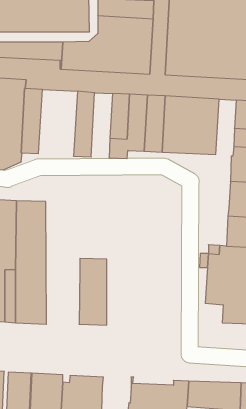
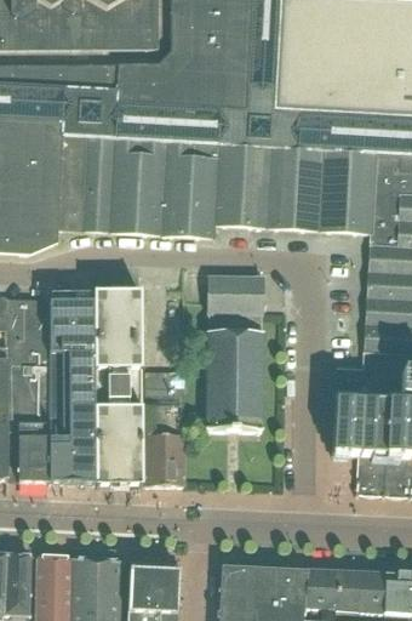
building: none -> [82,135,141,234]
building: none -> [161,139,193,237]
building: none -> [347,149,377,234]
building: none -> [206,275,263,432]
building: none -> [93,291,142,485]

